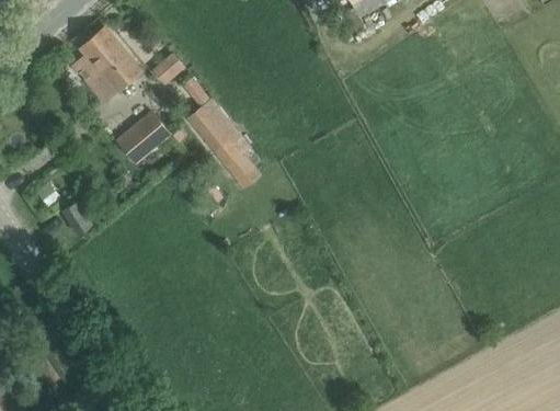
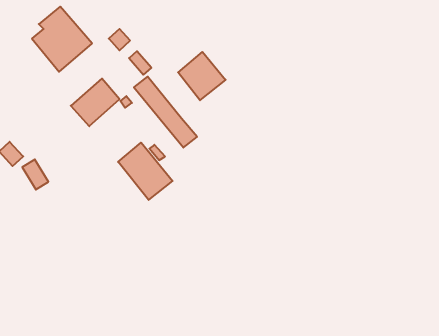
building: none -> [178,52,226,100]
building: none -> [118,143,173,200]

